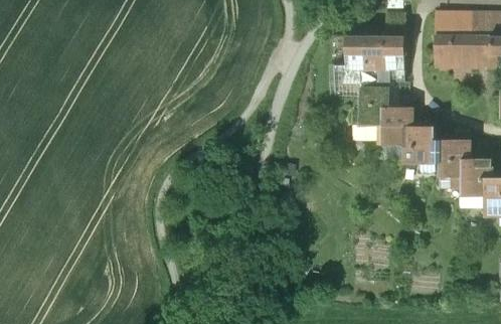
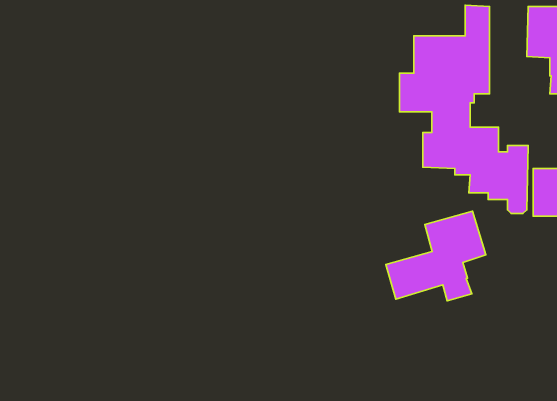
building: none -> [386,211,486,301]

